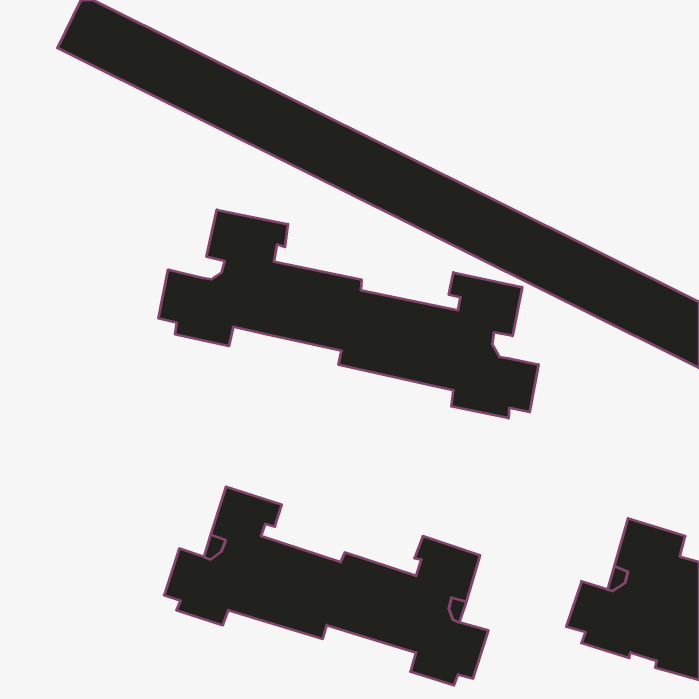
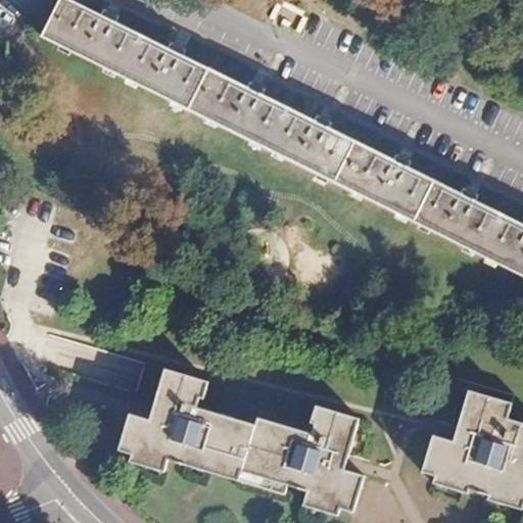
building: [159,210,538,418] -> none

